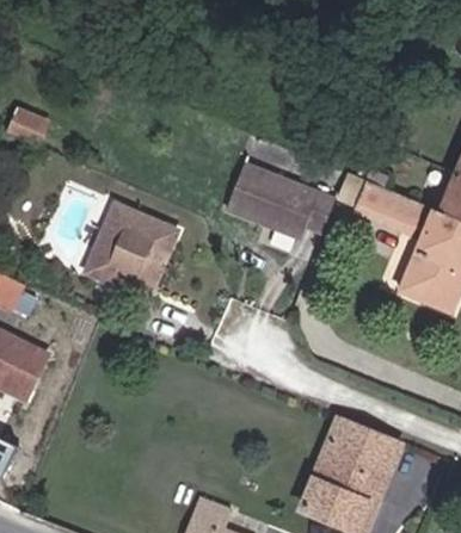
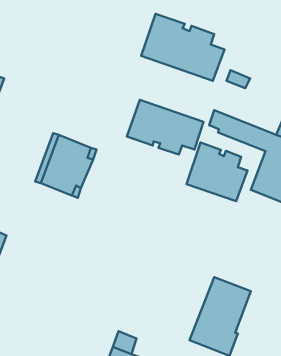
building: none -> [141,14,224,81]
building: none -> [187,143,247,201]

